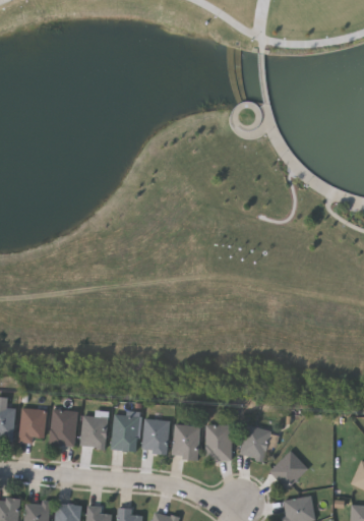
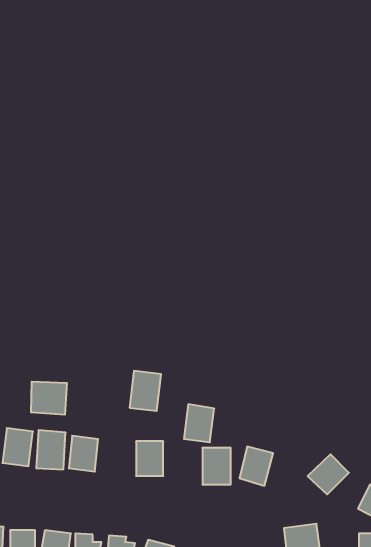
building: none -> [31,382,67,415]
building: [111,414,140,452] -> [130,371,161,411]
building: [172,423,200,459] -> [184,404,214,442]
building: [269,451,308,488] -> [308,454,349,494]

